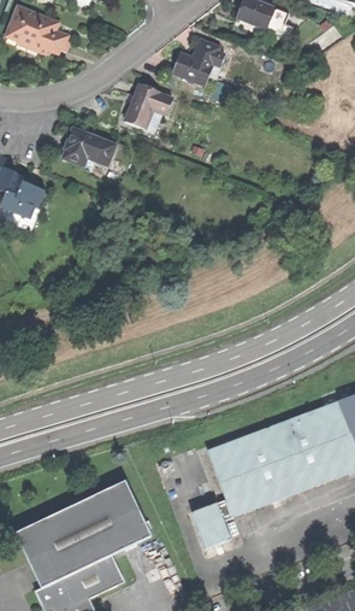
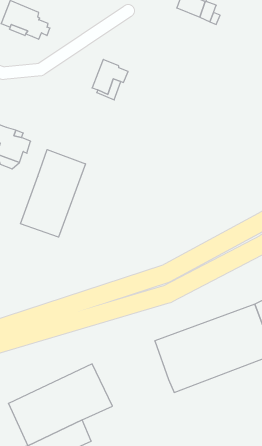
building: [173,37,219,83] -> none
building: [64,128,114,166] -> none
building: none -> [20,150,85,237]
building: [191,501,232,551] -> none

